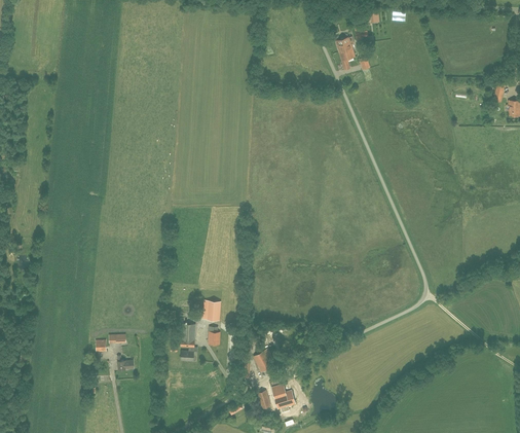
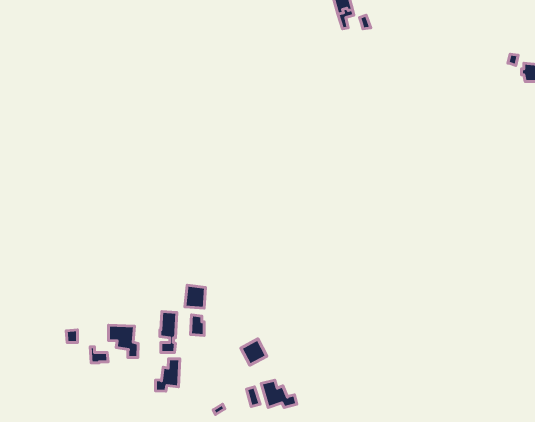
building: none -> [108,325,138,358]
building: none -> [155,359,180,391]

